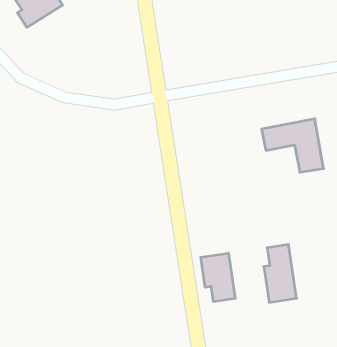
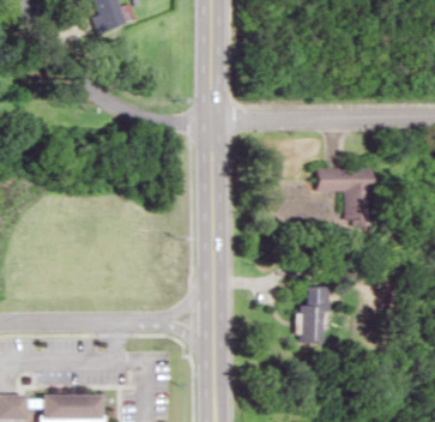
building: [201,253,235,302] -> none

